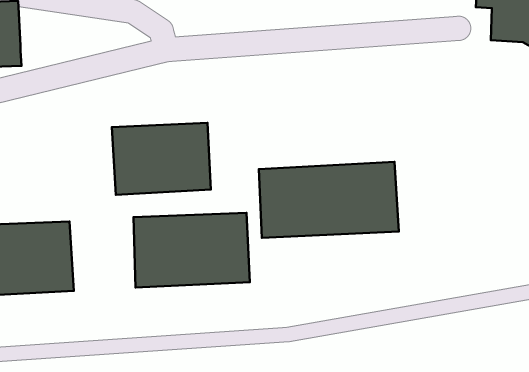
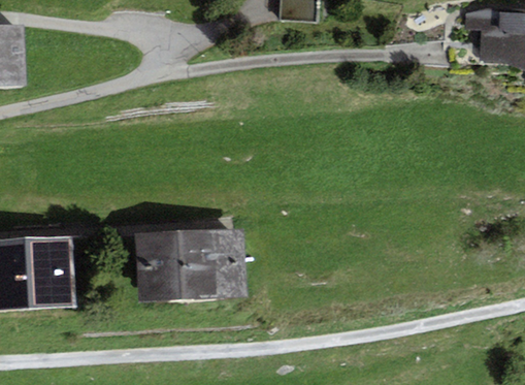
building: [112,123,211,195] -> none
building: [259,162,399,238] -> none

